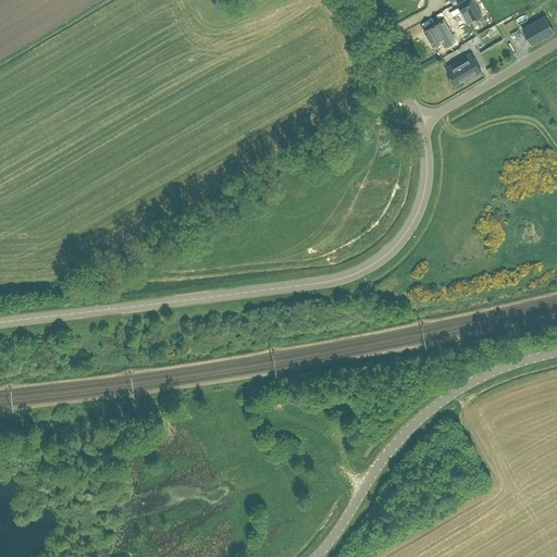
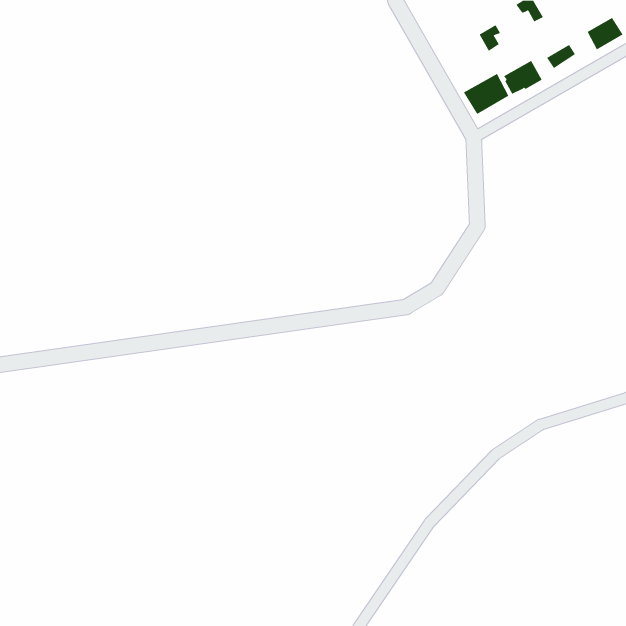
building: none -> [463,73,509,115]

